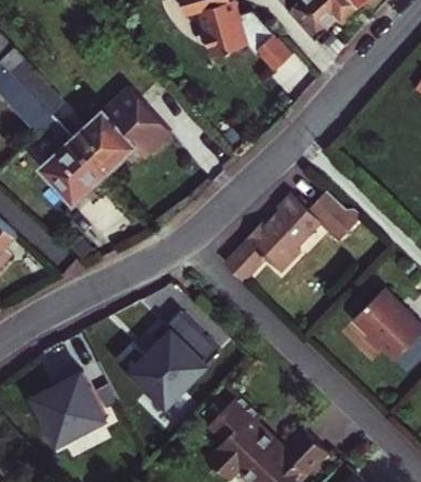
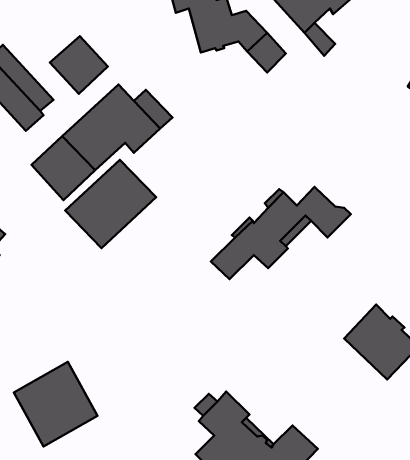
building: none -> [50,36,108,94]
building: none -> [65,160,156,248]
building: [112,310,220,410] -> none

